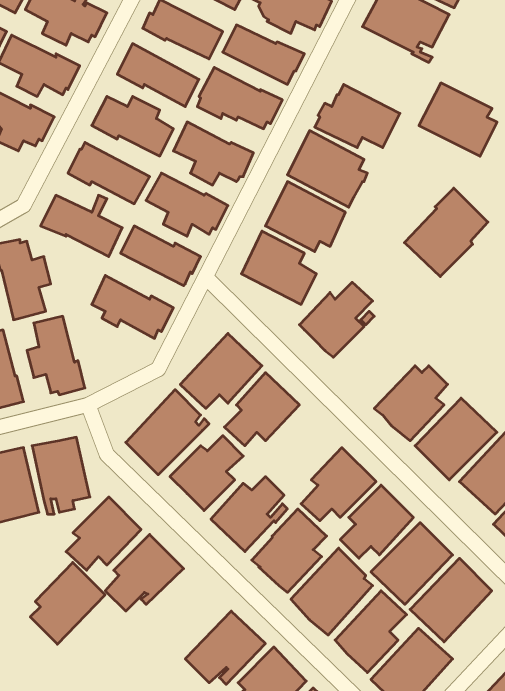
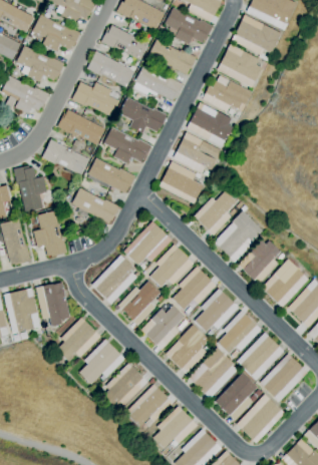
building: [419,83,497,156] -> [217,44,263,87]
building: [404,188,488,277] -> [214,209,263,262]
building: none -> [173,267,216,309]
building: [30,562,105,644] -> [103,363,147,411]

